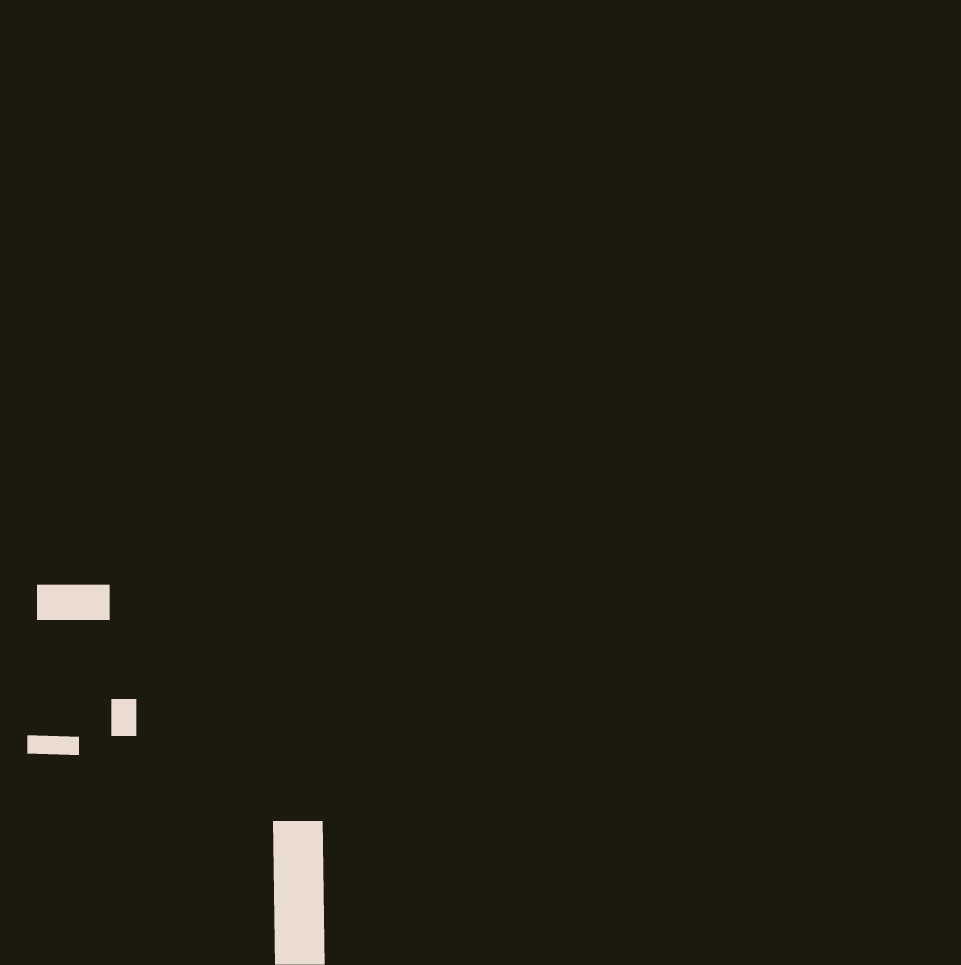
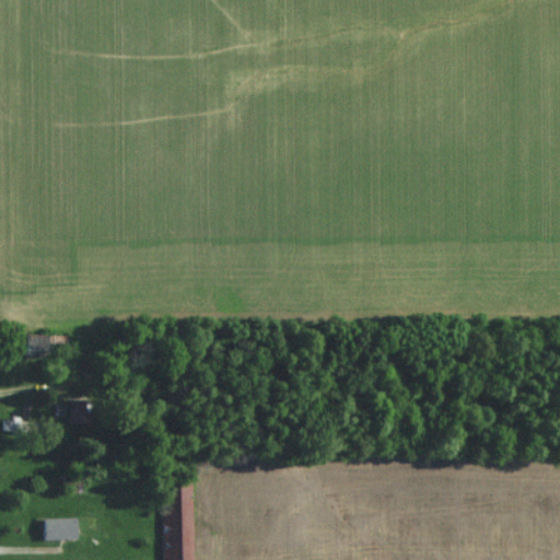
building: none -> [43,520,78,541]

